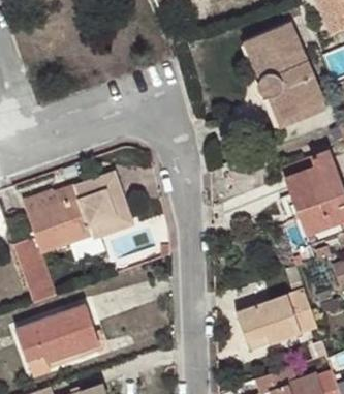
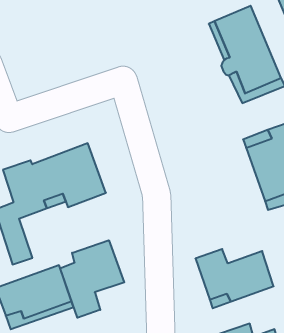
building: none -> [60,240,124,318]

